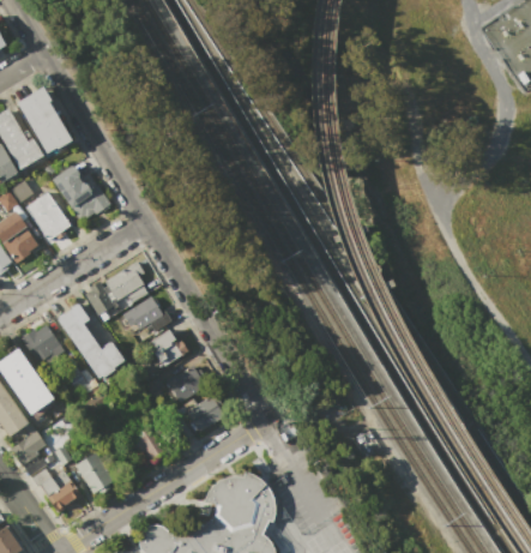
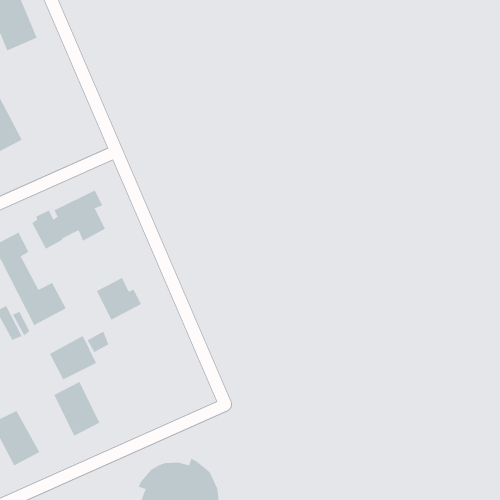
building: [50,164,114,226] -> none
building: [123,295,163,331] -> none
building: [168,363,209,403] -> [49,335,97,380]
building: [187,393,228,431] -> none

